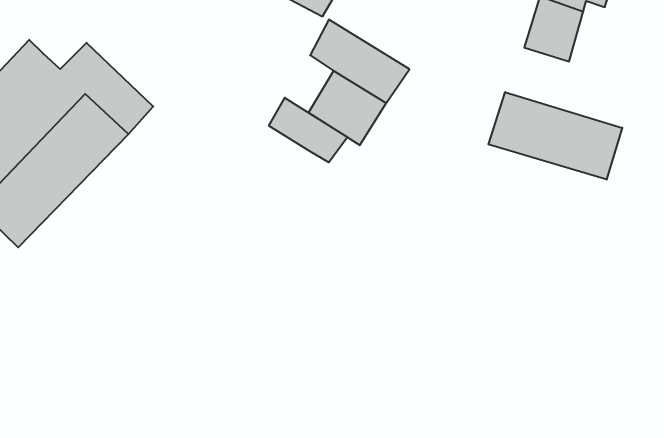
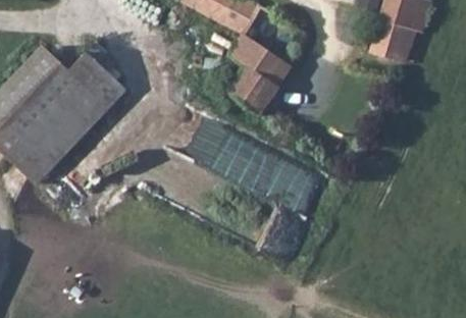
building: [488,92,622,180] -> none
building: [269,98,347,162] -> none

